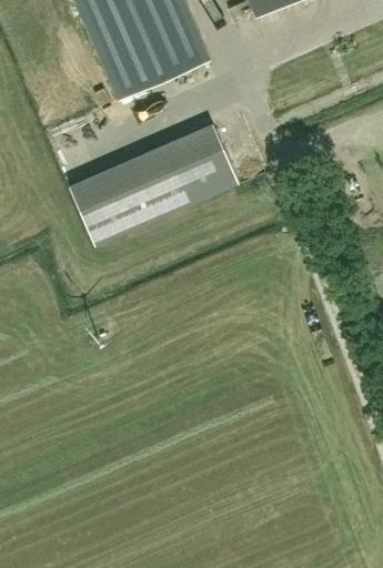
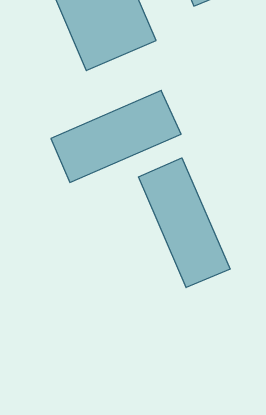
building: none -> [138,158,230,288]

